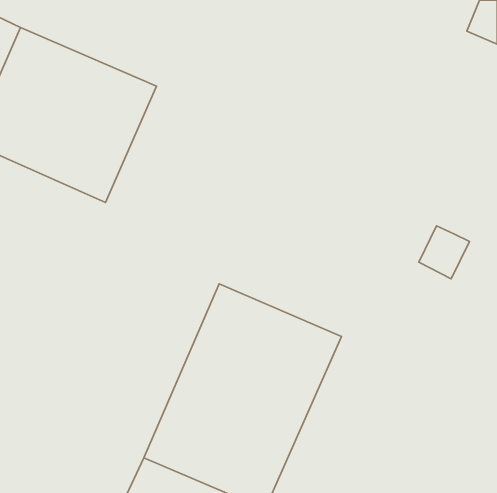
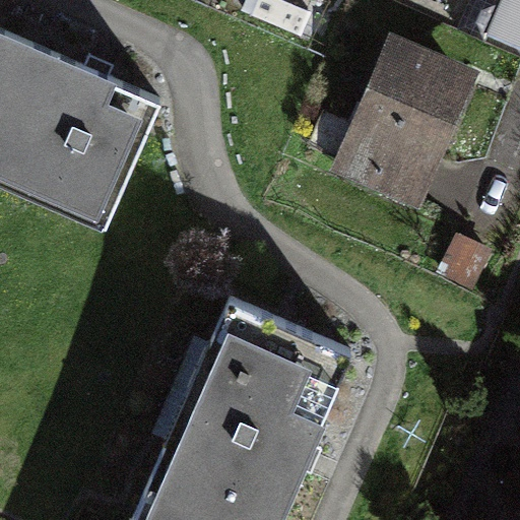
building: none -> [328,44,474,214]

